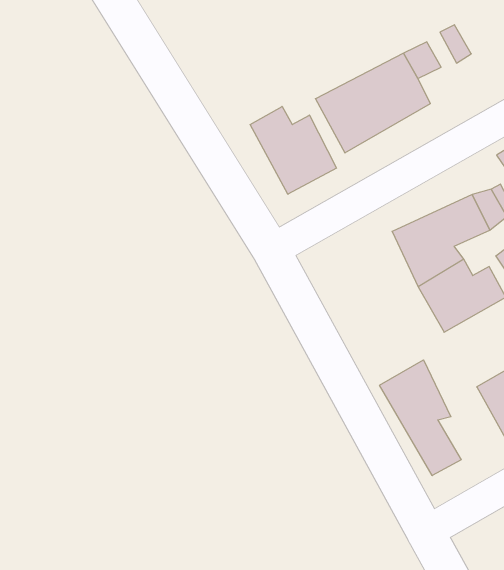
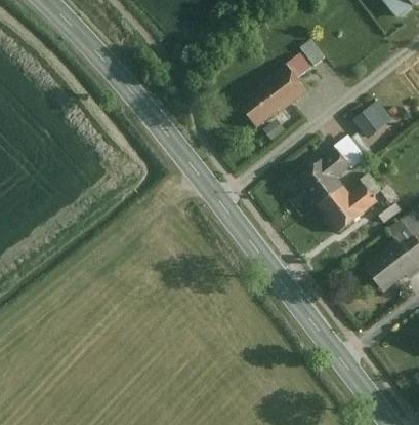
building: [250,106,336,194] -> none
building: [380,360,461,476] -> none

